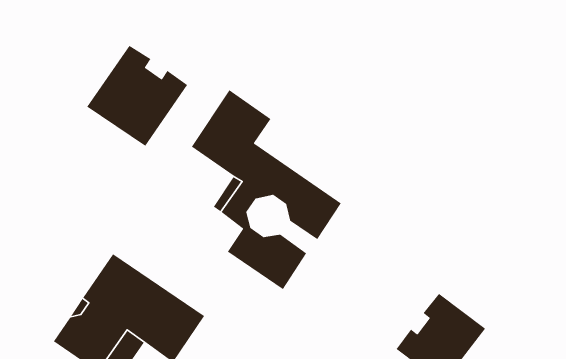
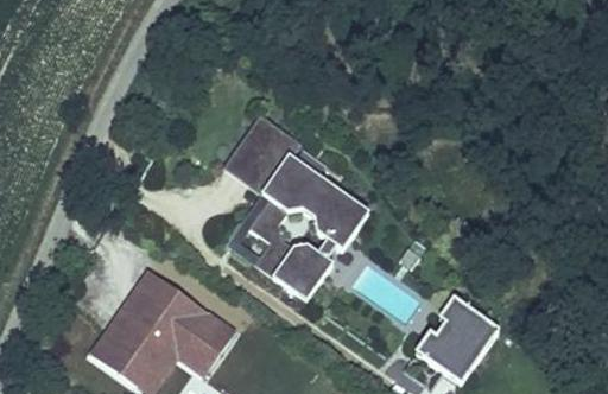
building: [86,45,188,147] -> none

